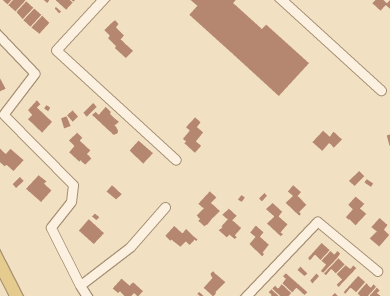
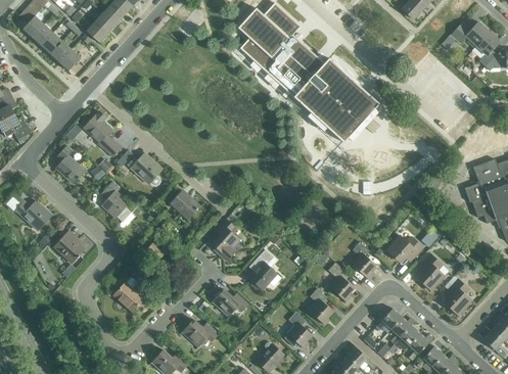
building: [103,20,134,59] -> [87,112,122,157]
building: [182,116,204,154] -> [212,219,237,262]
building: [312,130,343,152] -> [387,236,423,262]
building: [218,208,242,240] -> [284,312,312,348]
building: none -> [182,319,219,347]

